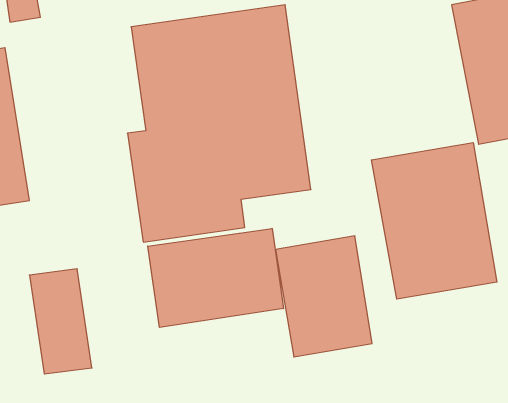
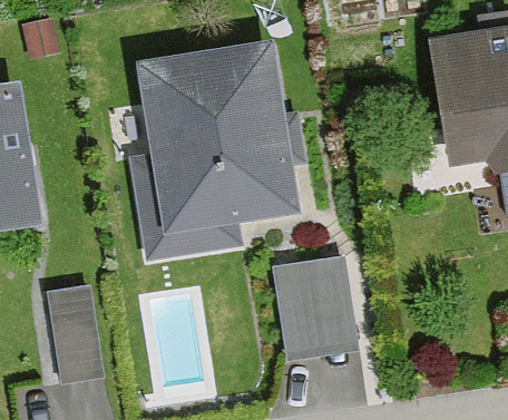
building: [371,143,497,299] -> none
building: [148,228,283,327] -> none

